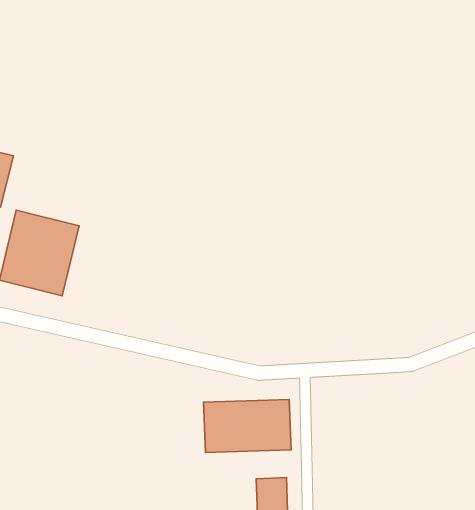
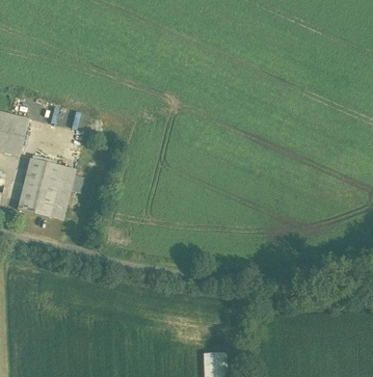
building: [204,400,291,453] -> none

